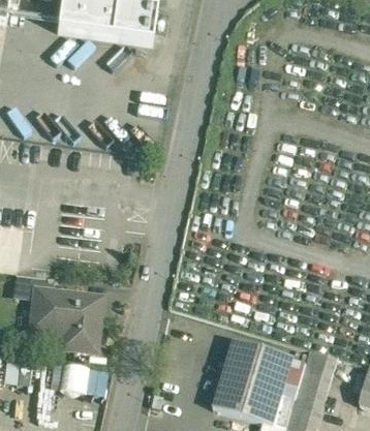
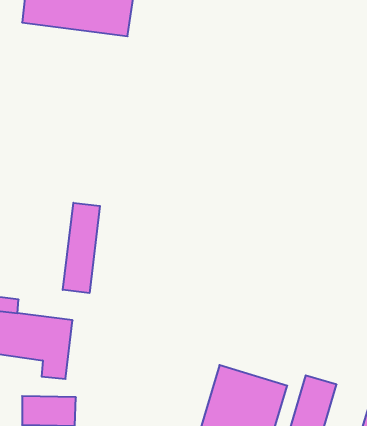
building: none -> [63,203,100,293]

